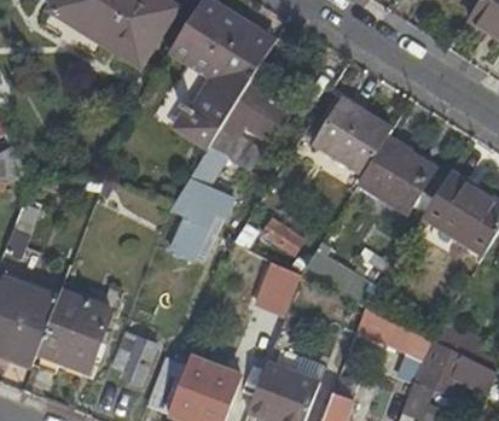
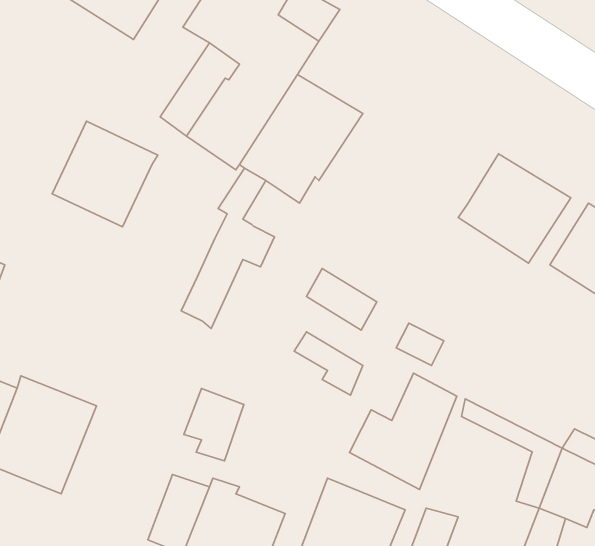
building: [311,95,389,171] -> none
building: none -> [52,121,158,227]
building: none -> [349,373,457,490]
building: [109,332,150,381] -> [184,389,244,461]

